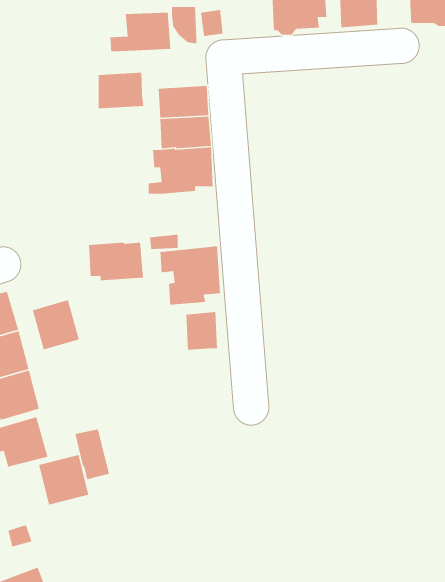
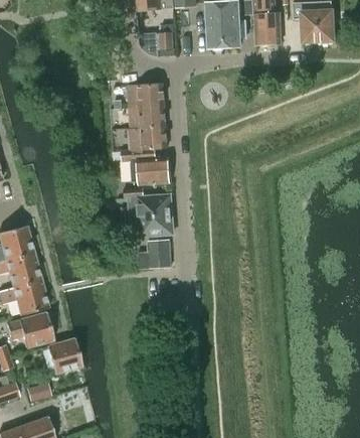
building: [110,12,171,52] -> none
building: [98,72,144,109] -> none
building: [88,242,144,281] -> [132,157,170,184]
building: [32,299,80,350] -> none
building: [75,429,110,480] -> none

